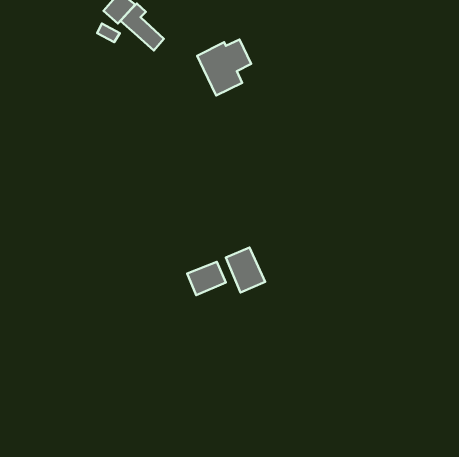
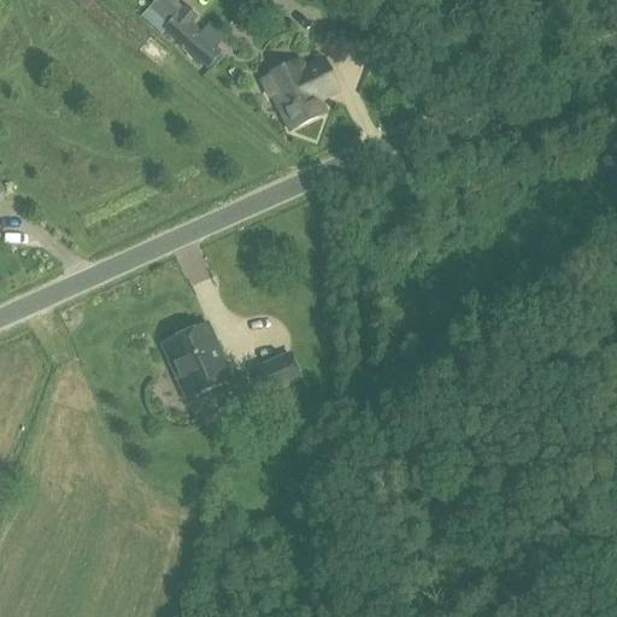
building: none -> [160,322,231,398]
building: [226,248,265,293] -> none

